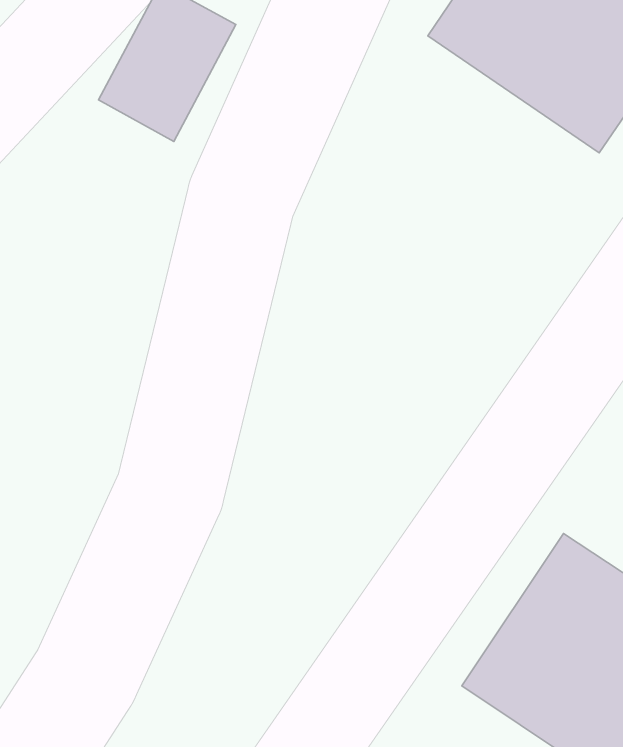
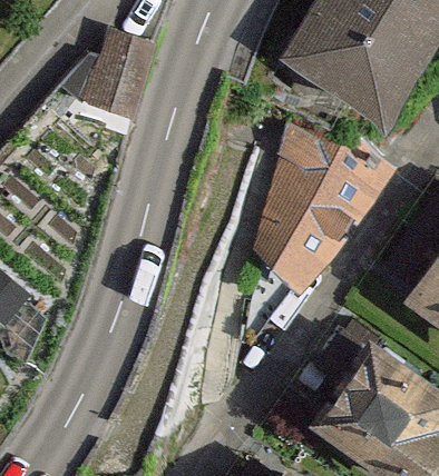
building: none -> [258,119,384,292]

